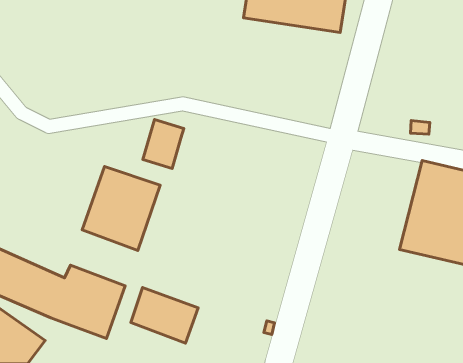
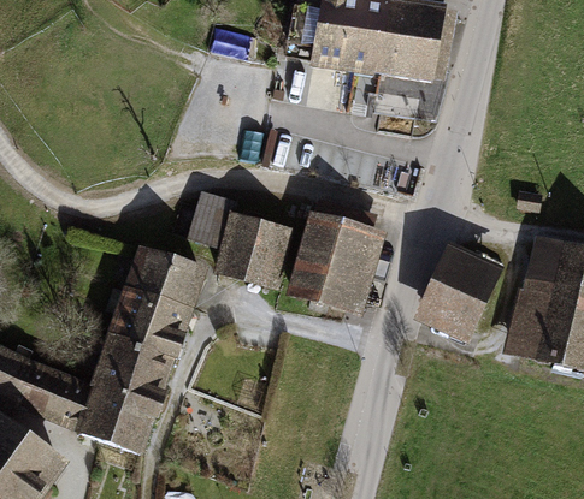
building: none -> [216,212,293,289]
building: none -> [291,214,387,316]
building: none -> [418,245,505,343]
building: [131,287,198,343] -> [98,325,181,393]

